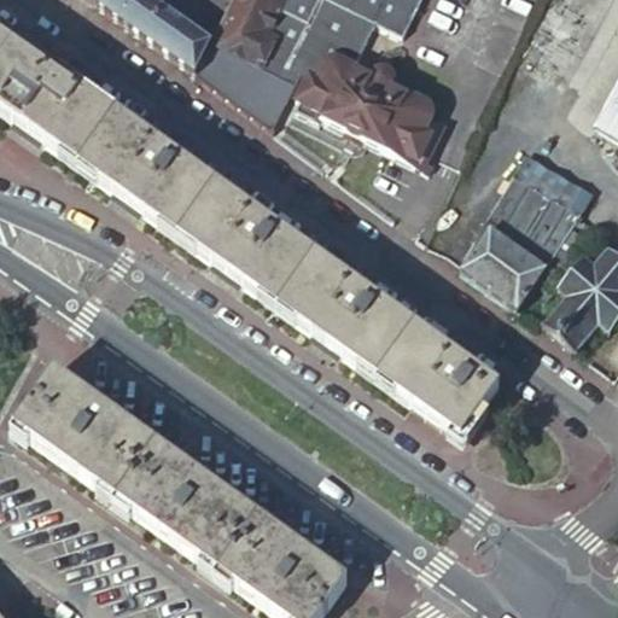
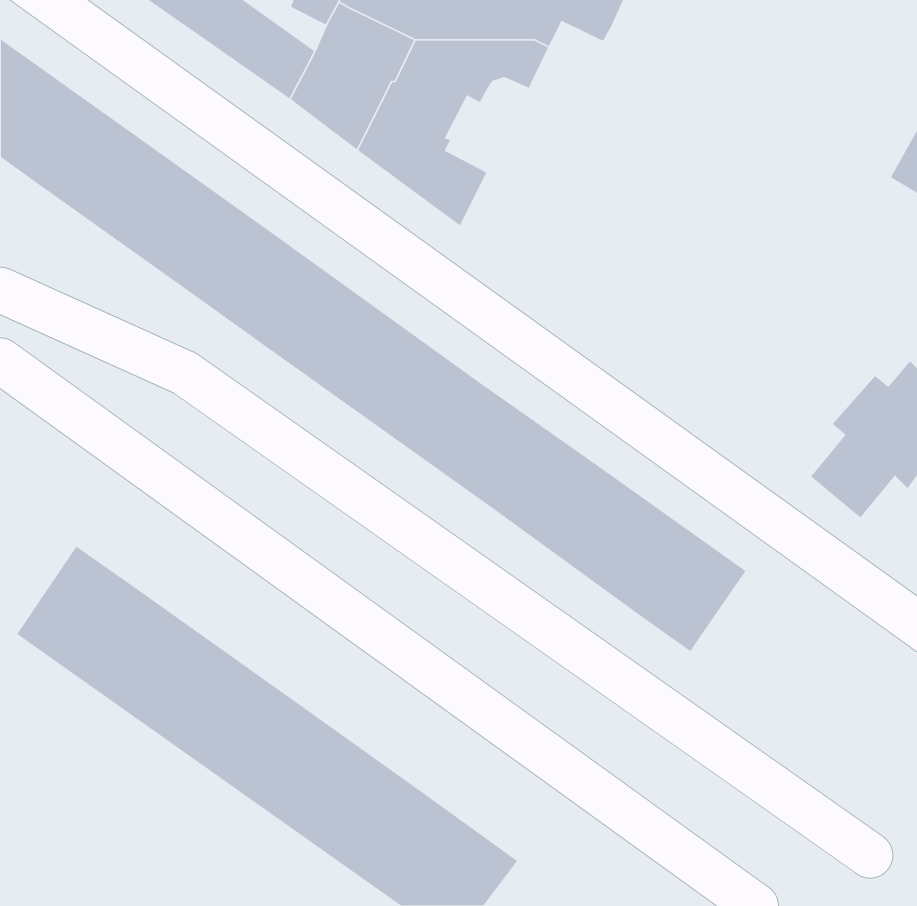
building: [303,52,432,156] -> none
building: [464,167,583,304] -> none

